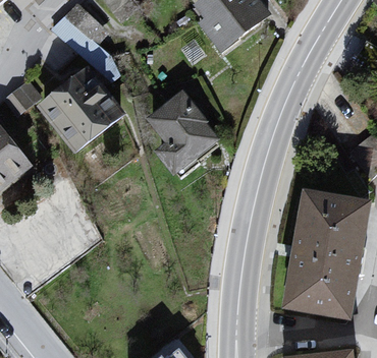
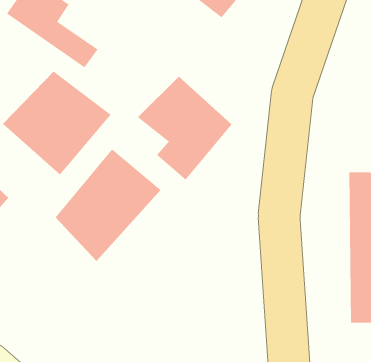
building: none -> [55,148,162,262]

